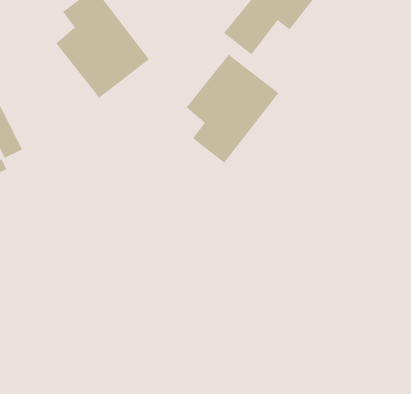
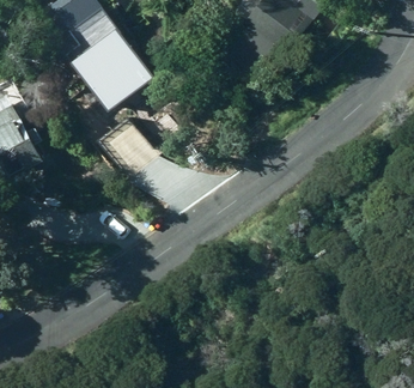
building: [186,54,279,163] -> none

